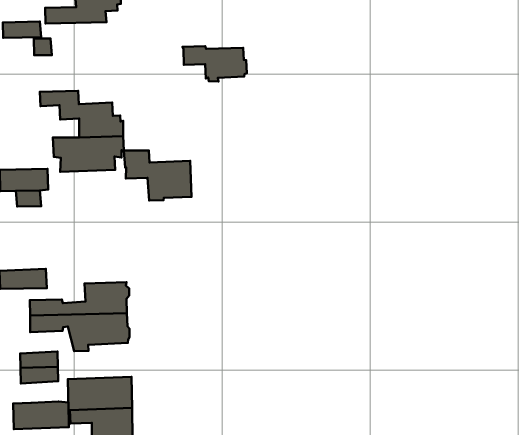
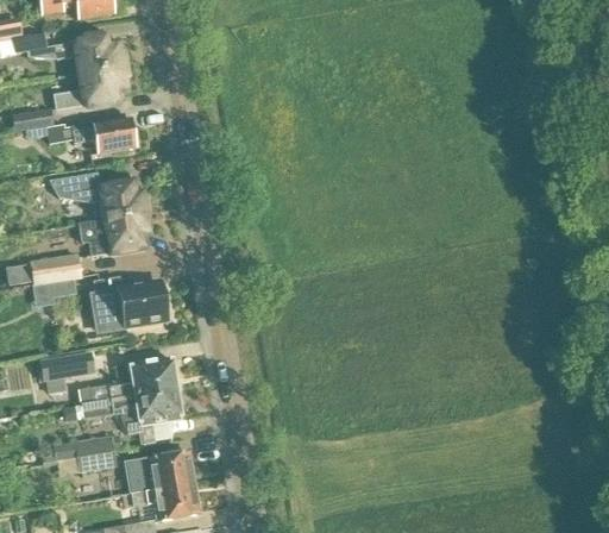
building: [183,46,247,81] -> [68,118,136,156]
building: [124,150,191,201] -> [90,277,164,327]
building: [13,402,69,429] -> none

